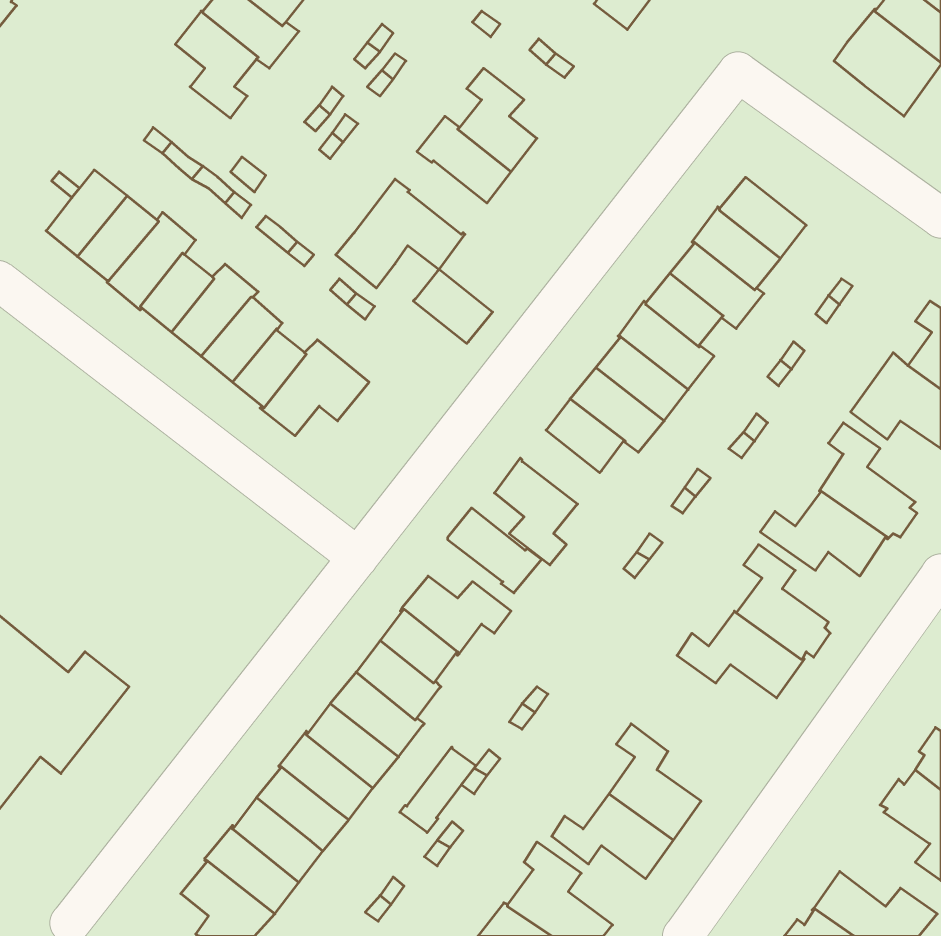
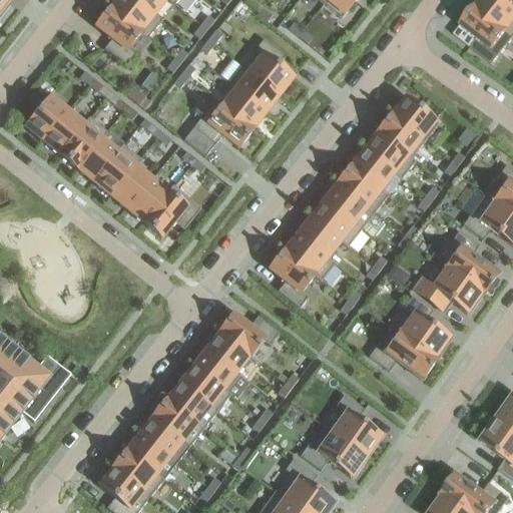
building: [413,270,493,343] -> [221,87,265,127]
building: [448,508,542,593] -> [284,233,335,280]
building: [400,747,476,833] -> none

